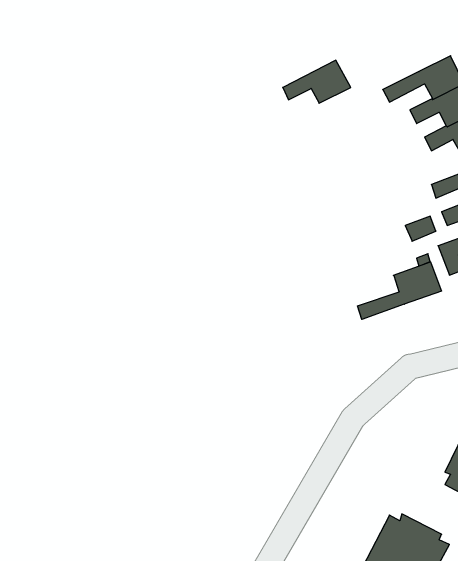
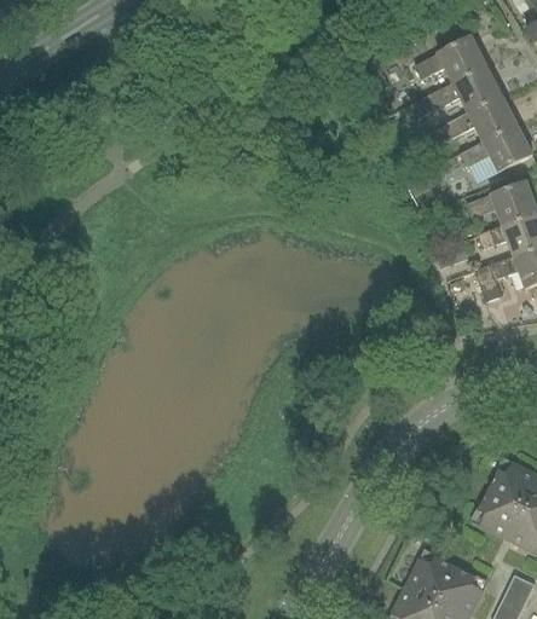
building: [283,60,351,103] -> [414,37,486,83]
building: [358,262,441,319] -> none

